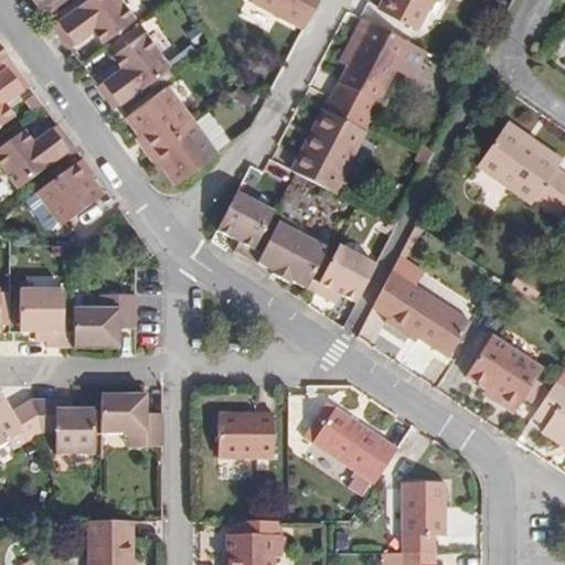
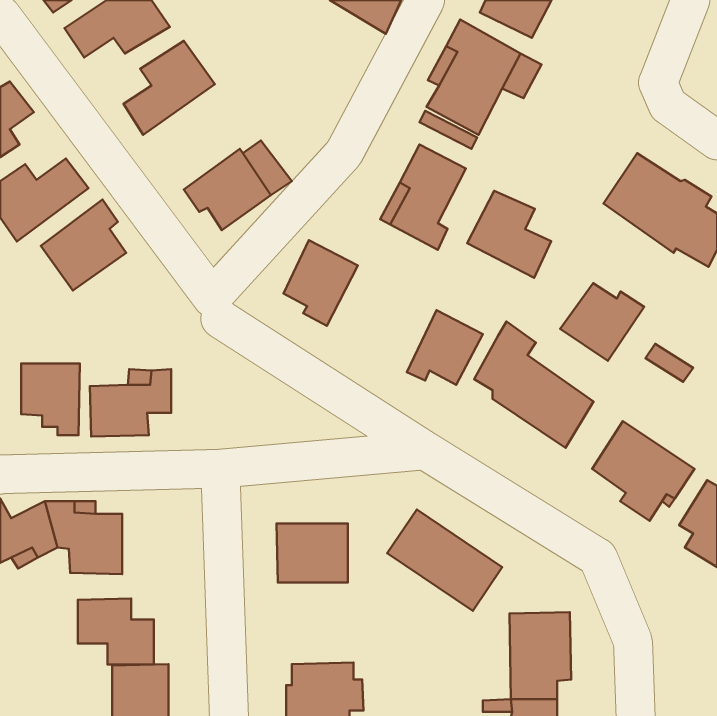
building: [130,85,189,150] -> none
building: none -> [467,191,551,278]
building: [259,213,333,291] -> none
building: none -> [560,283,644,361]
building: [100,392,160,444] -> [78,598,154,664]

